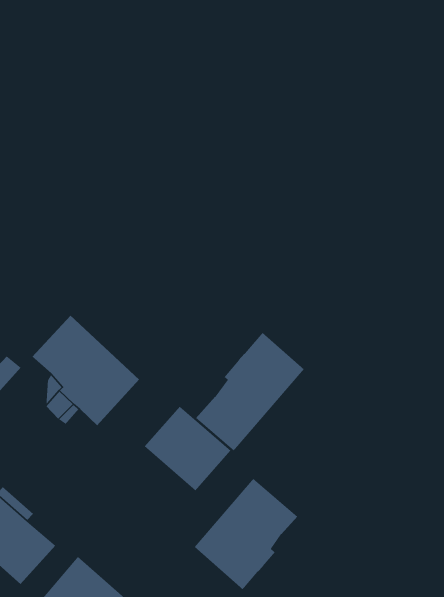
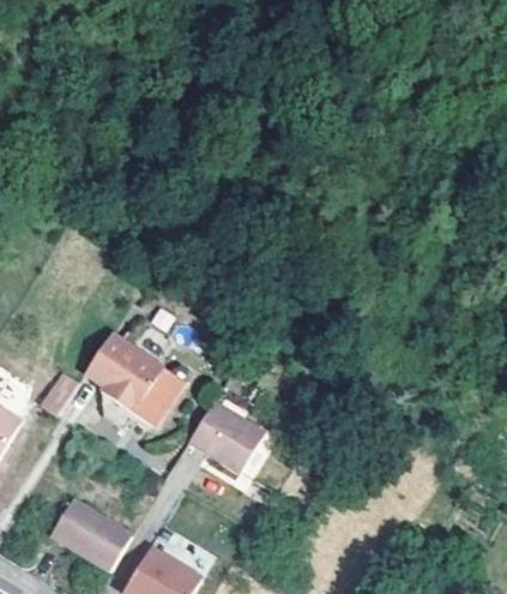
building: [195,332,305,451] -> none
building: [194,478,298,590] -> none

